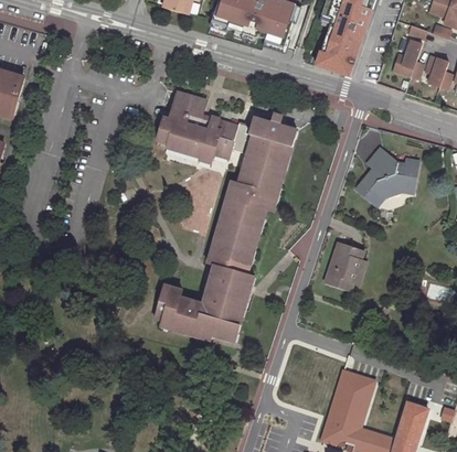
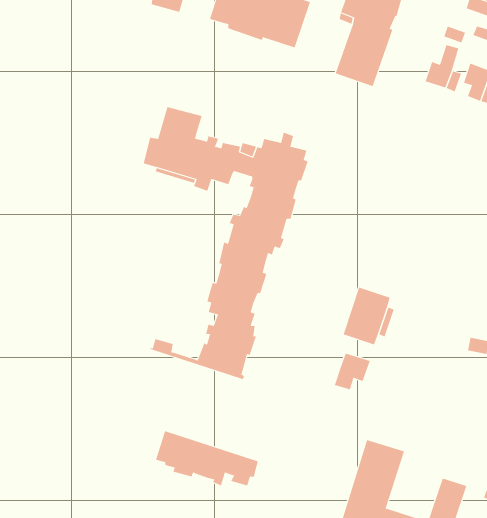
building: [355,148,418,207] -> none
building: [155,294,241,341] -> [155,431,258,486]
building: none -> [334,353,370,390]

